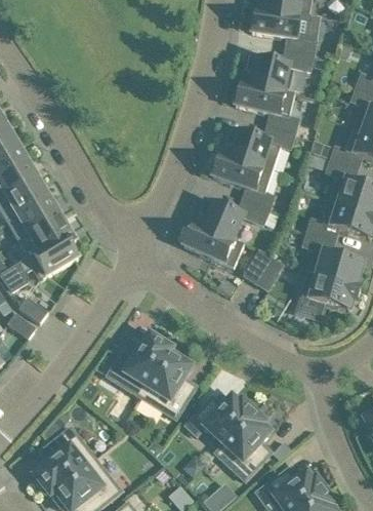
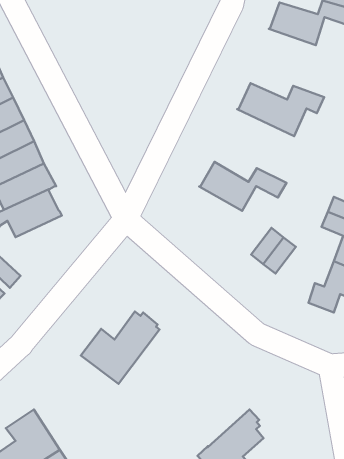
building: [236,79,298,133] -> none
building: [213,151,274,210] -> none
building: [184,221,245,267] -> none
building: [141,347,193,419] -> none
building: [185,395,256,444] -> none

